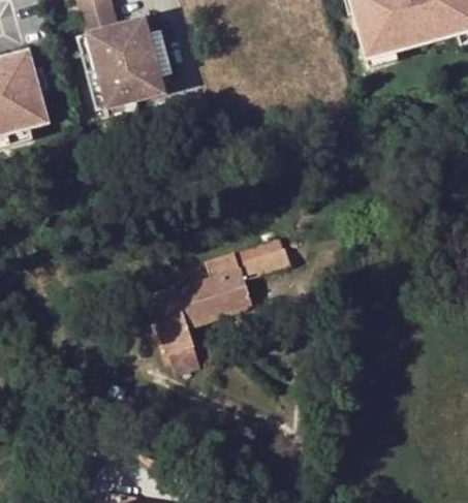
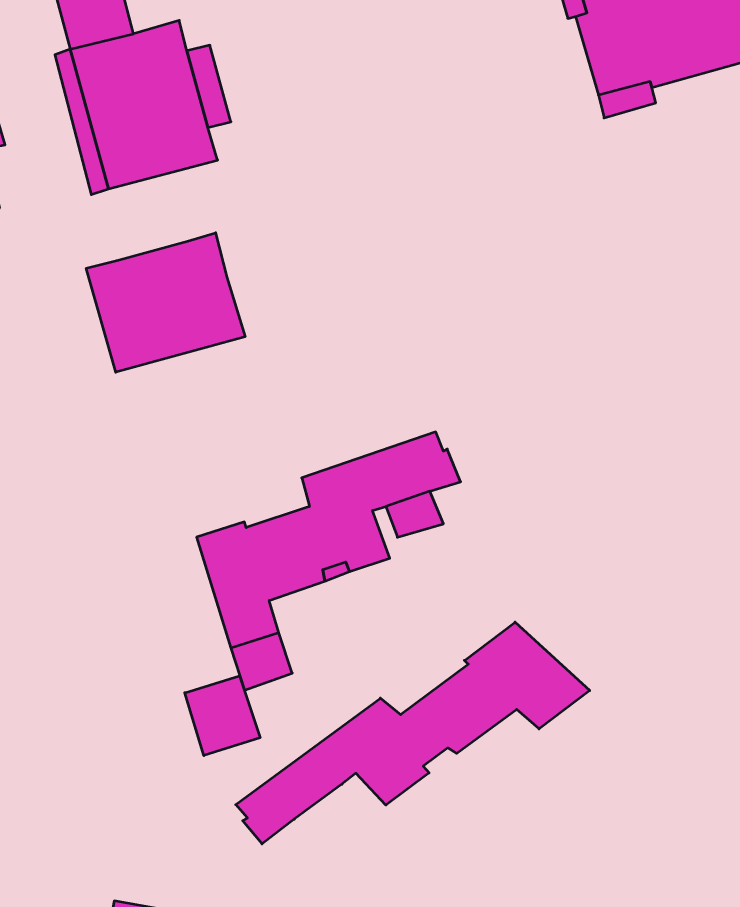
building: none -> [86,233,245,372]
building: none -> [236,622,590,844]
building: none -> [185,676,260,756]

